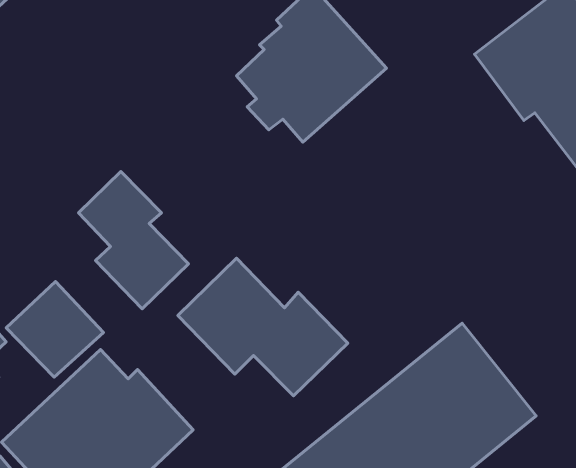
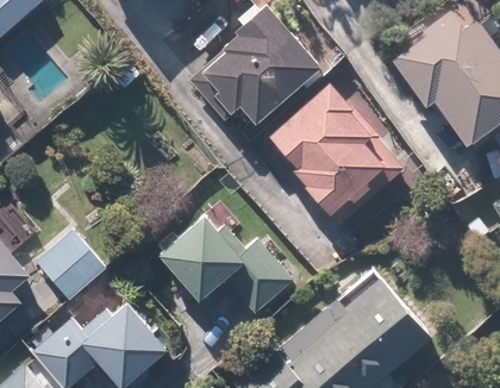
building: none -> [268,82,389,214]
building: [78,171,188,309] -> none

